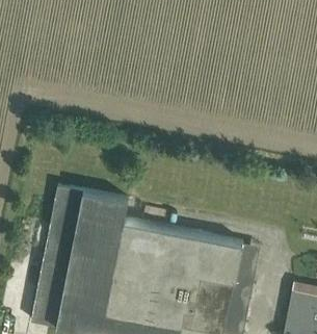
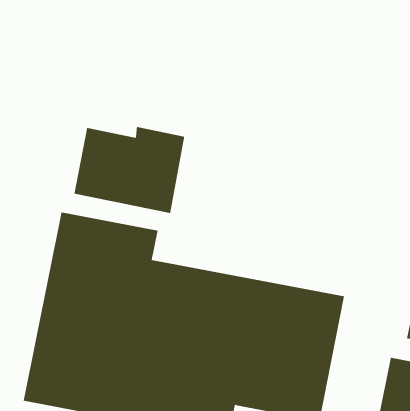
building: none -> [74,126,185,214]

